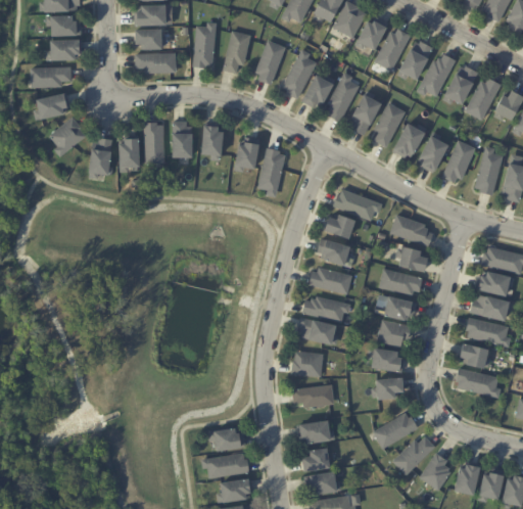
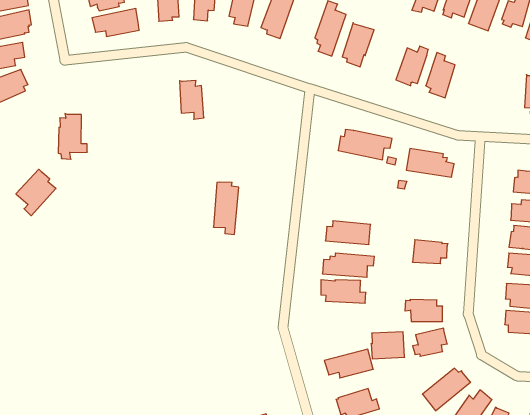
building: [302,76,335,108] -> none
building: [375,103,406,147] -> none
building: [49,115,85,155] -> [16,169,56,216]
building: [144,121,164,161] -> none
building: [173,122,192,156] -> none
building: [118,136,138,170] -> none
building: [235,139,257,170] -> none
building: [442,141,475,182] -> none
building: [257,147,285,195] -> [213,182,239,234]
building: [475,147,503,195] -> none
building: [325,213,354,236] -> none
building: [317,237,349,263] -> none
building: [396,245,426,270] -> none
building: [380,268,422,294] -> none
building: [378,319,411,346] -> none
building: [292,351,323,376] -> [371,332,405,359]

